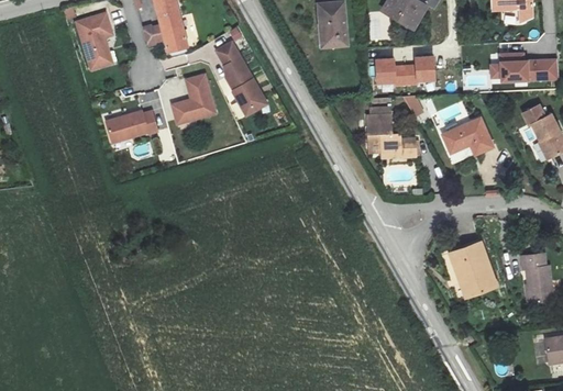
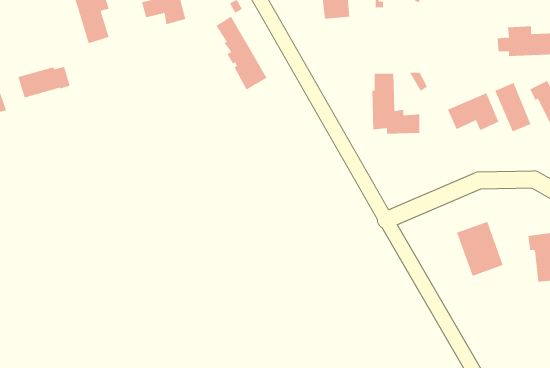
building: [376,57,433,86] -> none
building: [172,75,214,123] -> none
building: none -> [494,82,531,132]
building: [107,111,158,142] -> [17,67,70,98]

